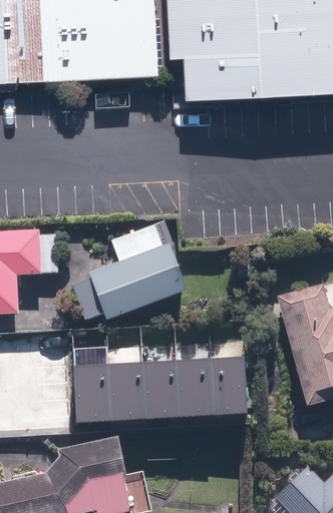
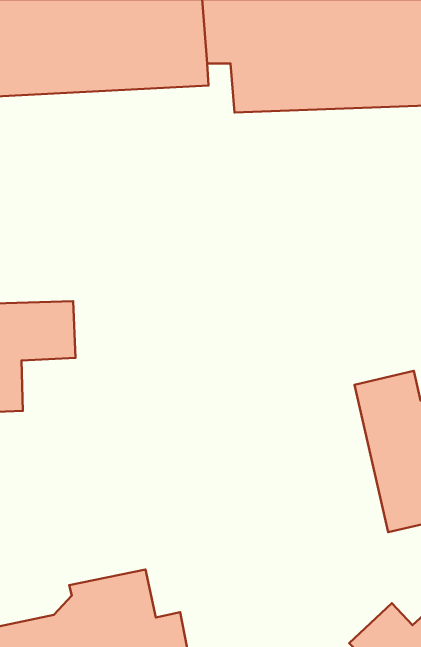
building: [70,224,188,326] -> none
building: [67,352,243,411] -> none

